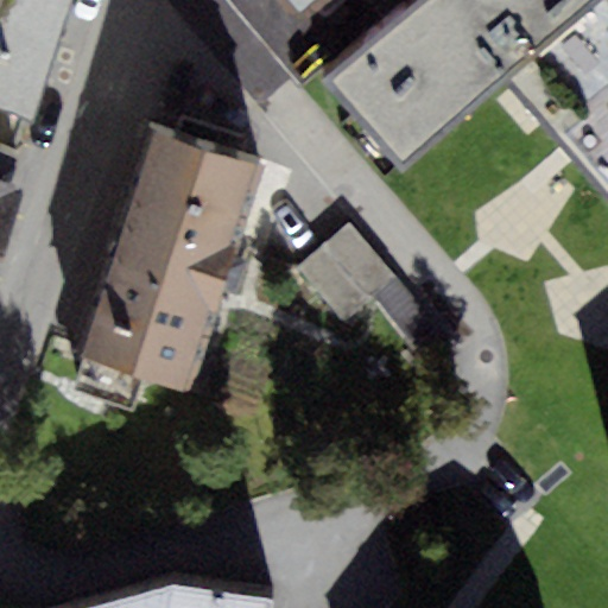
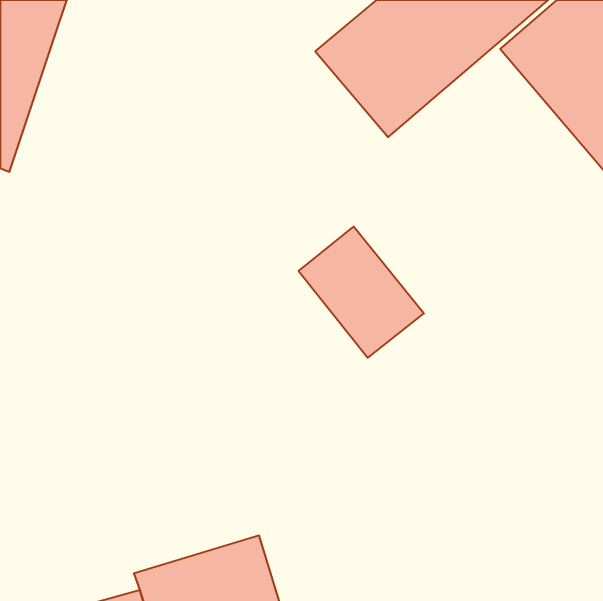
building: [81,128,264,388] -> none

